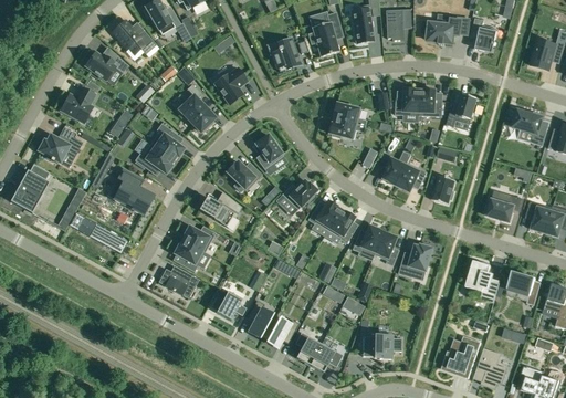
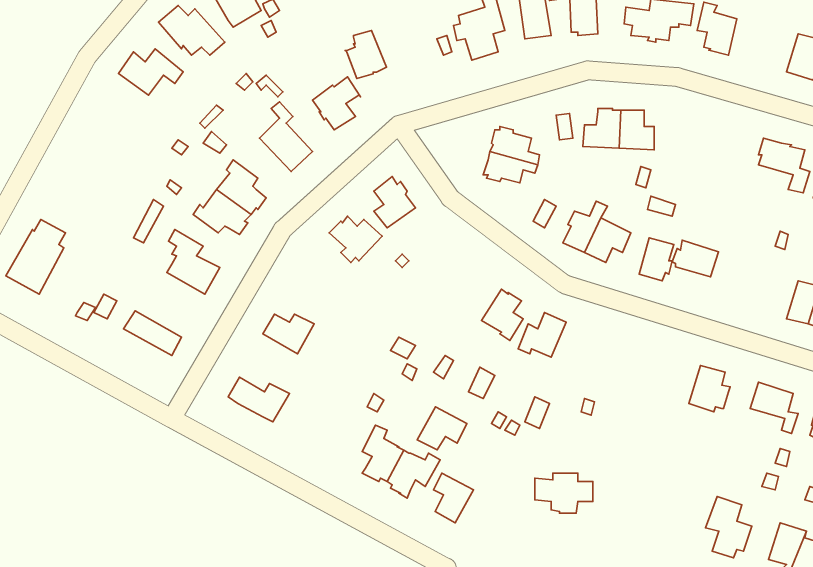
building: [272,39,300,71] -> [345,31,387,79]
building: [61,86,95,122] -> none
building: [446,94,476,126] -> none
building: [38,126,83,163] -> none
building: [282,180,316,209] -> none
building: [198,191,242,226] -> none
building: [484,198,515,222] -> [672,240,719,277]
building: [307,200,340,230] -> none
building: [374,231,400,265] -> none
building: [174,239,205,271] -> none
building: [399,244,432,276] -> none
building: [216,290,247,320] -> none
building: [442,337,481,378] -> none
building: [310,343,343,371] -> [417,407,467,450]

